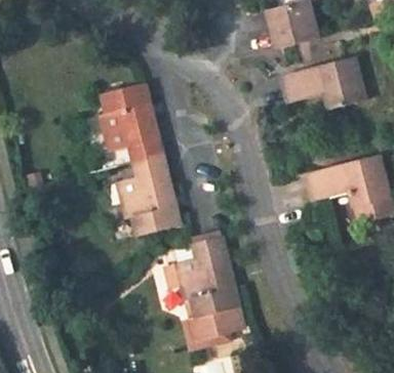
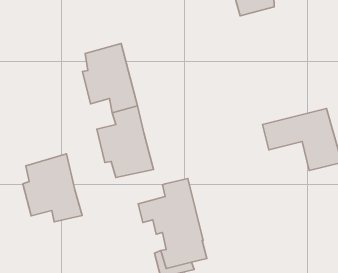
building: [282,59,366,112] -> none
building: none -> [23,154,82,222]

